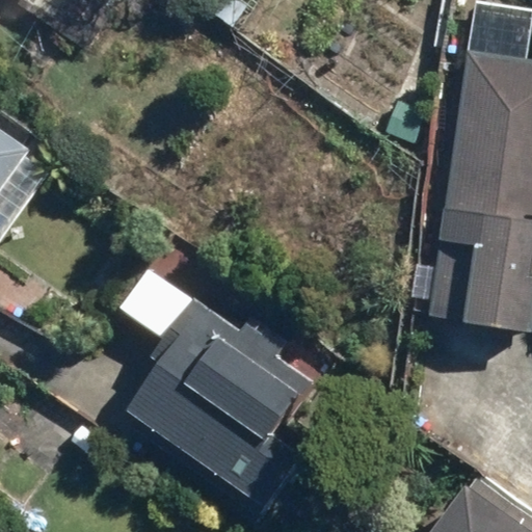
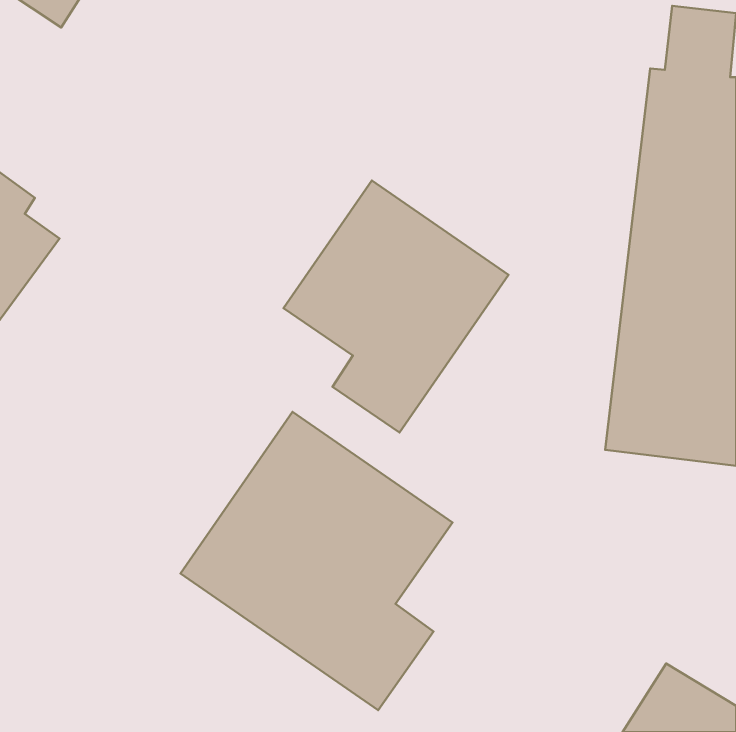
building: none -> [284,181,508,432]

